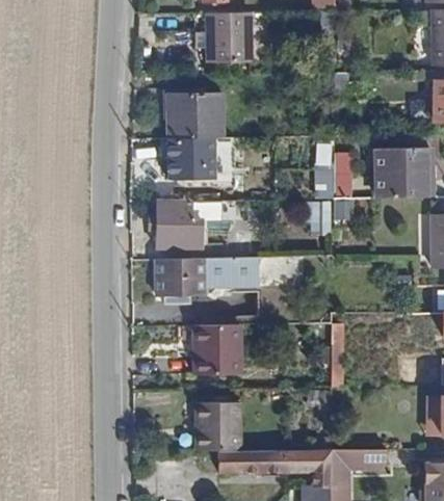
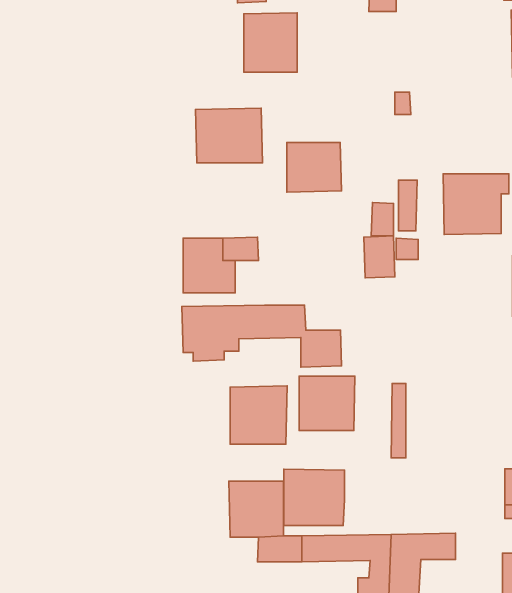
building: [168,138,214,180] -> [287,143,341,192]
building: none -> [299,376,355,431]
building: none -> [284,469,344,525]

